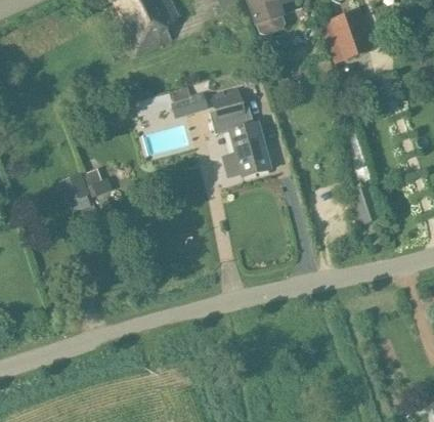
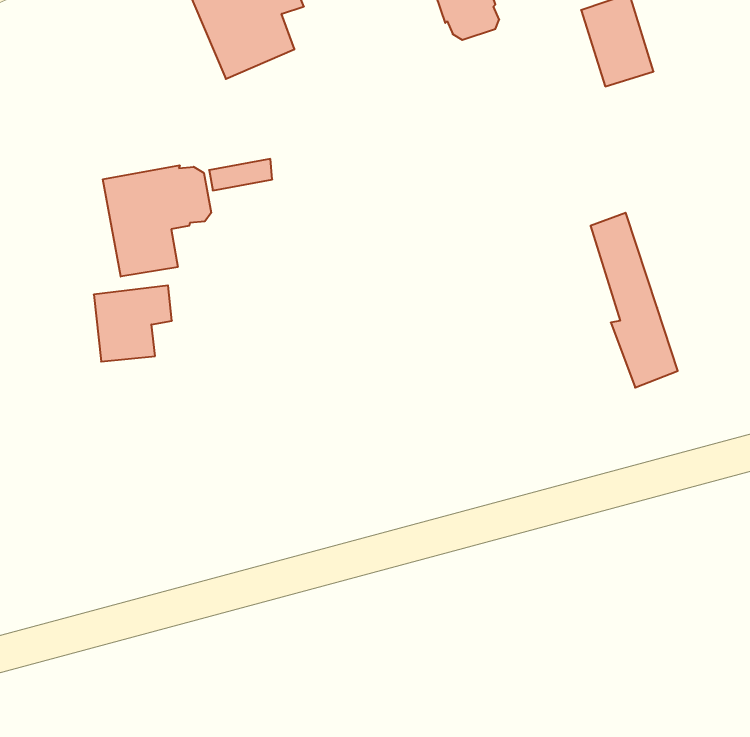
building: [169,86,196,118] -> none
building: [210,89,271,177] -> none
building: none -> [103,165,211,277]

